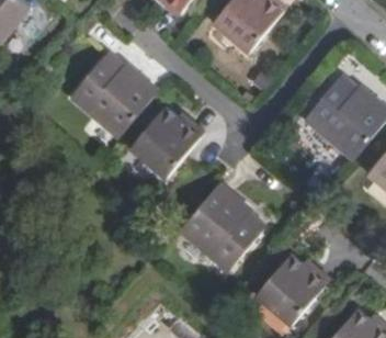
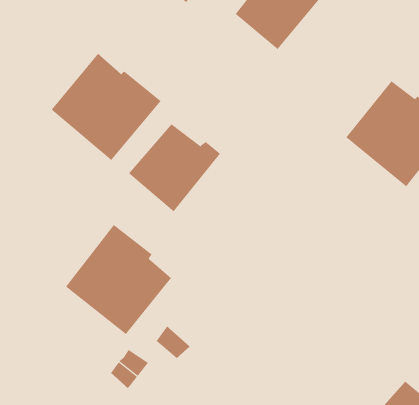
building: [181,182,265,270] -> [65,224,172,335]
building: [254,256,325,324] -> none

